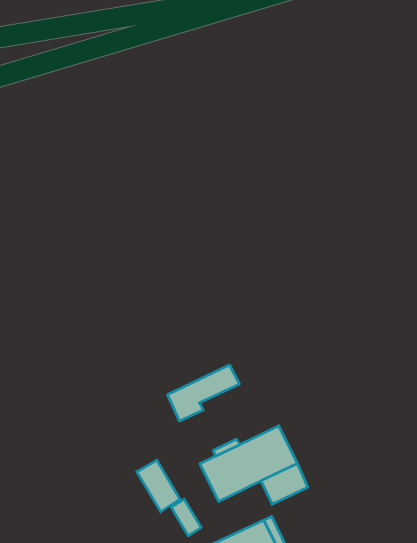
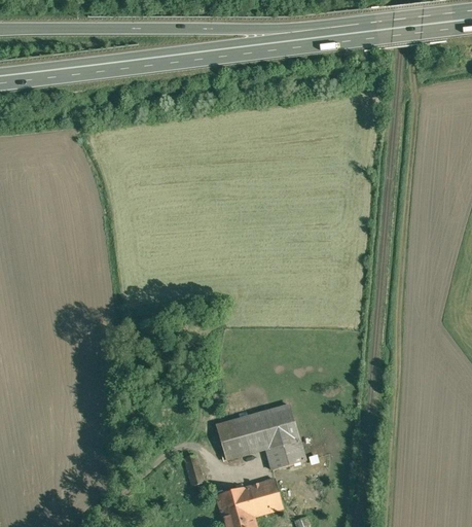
building: [168,365,239,421] -> none
building: [137,460,180,512] -> none

